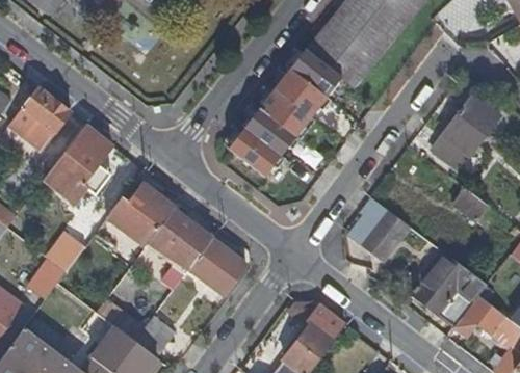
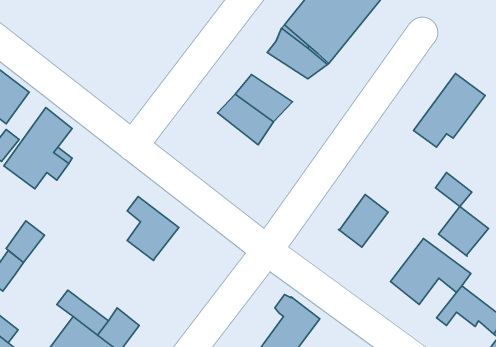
building: [280,74,333,121] -> none
building: [234,131,286,179] -> none
building: [115,182,175,251] -> none
building: [345,195,387,241] -> none
building: none -> [438,207,488,256]
building: [188,239,245,295] -> none

